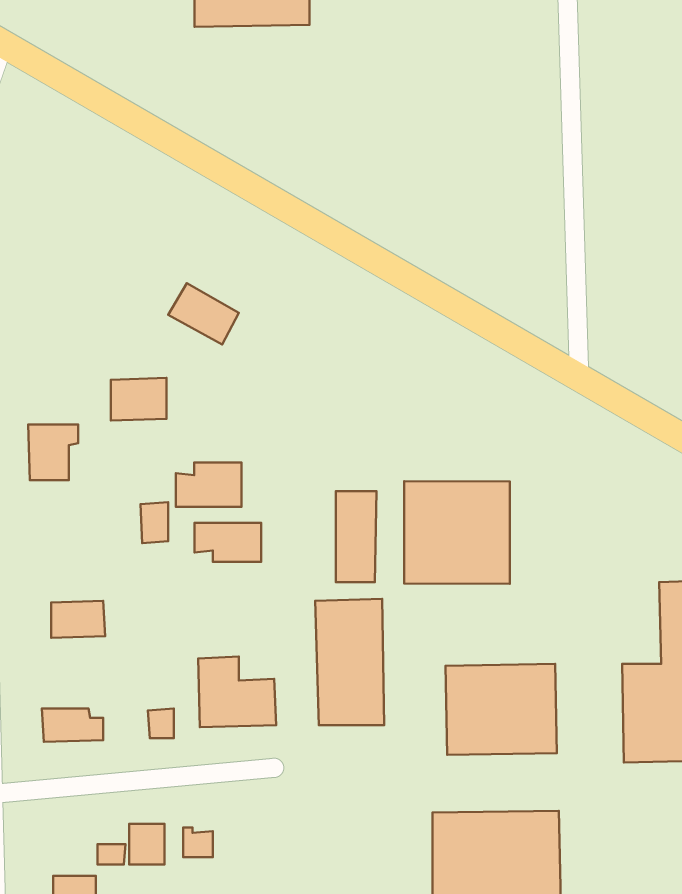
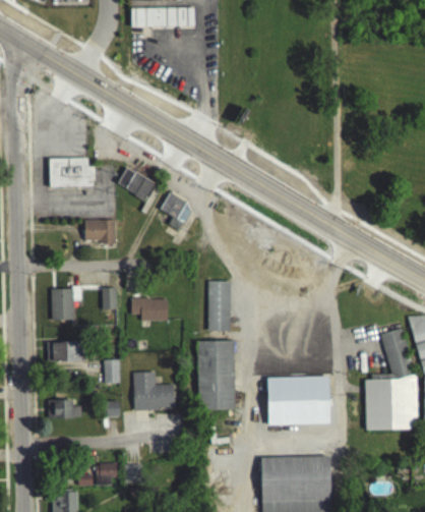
building: none -> [50,157,95,187]
building: none -> [161,192,193,230]
building: [28,425,78,480] -> [52,289,79,320]
building: [176,462,242,507] -> none
building: [404,481,510,584] -> none
building: none -> [104,359,120,383]

